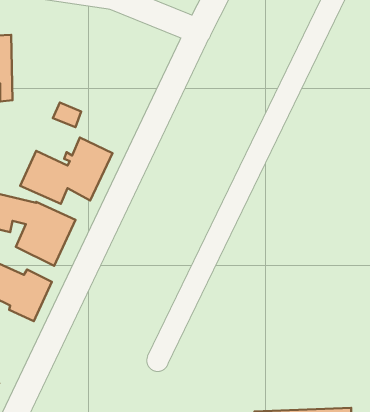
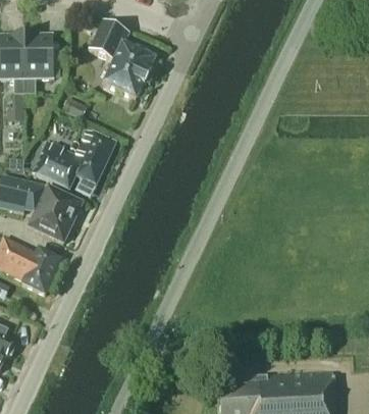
building: none -> [90,19,155,98]
building: none -> [24,34,53,93]

